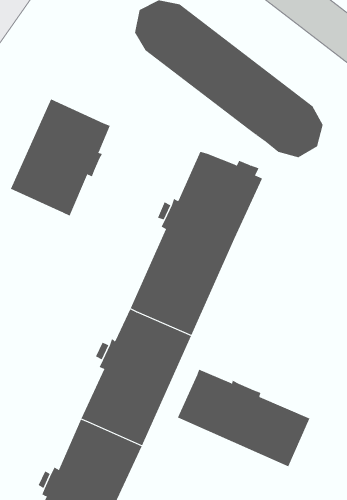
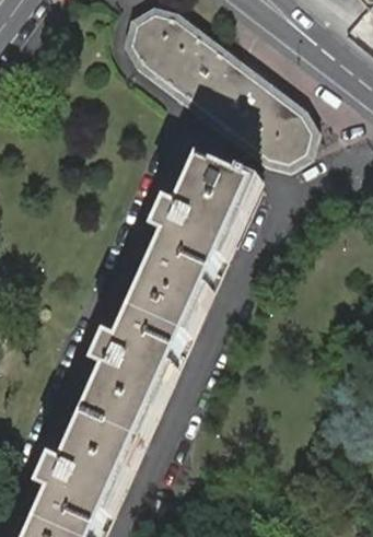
building: [10,98,111,216] -> none
building: [177,369,310,467] -> none

